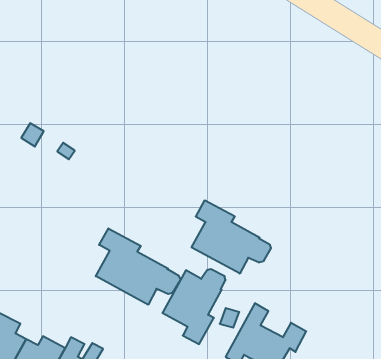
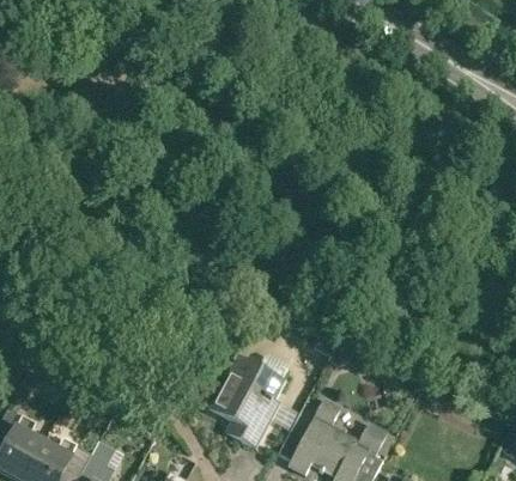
building: [192,200,271,274] -> none
building: [96,228,180,305] -> none

